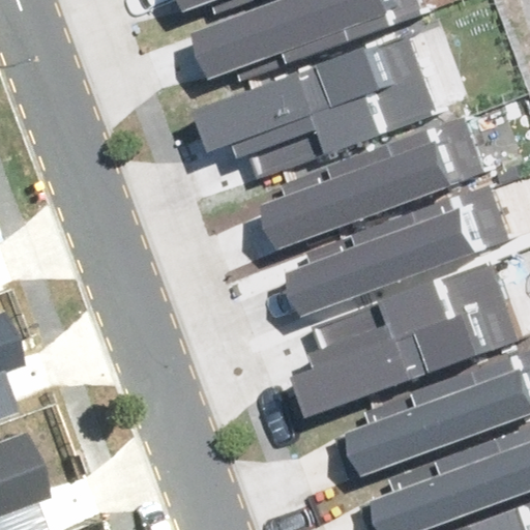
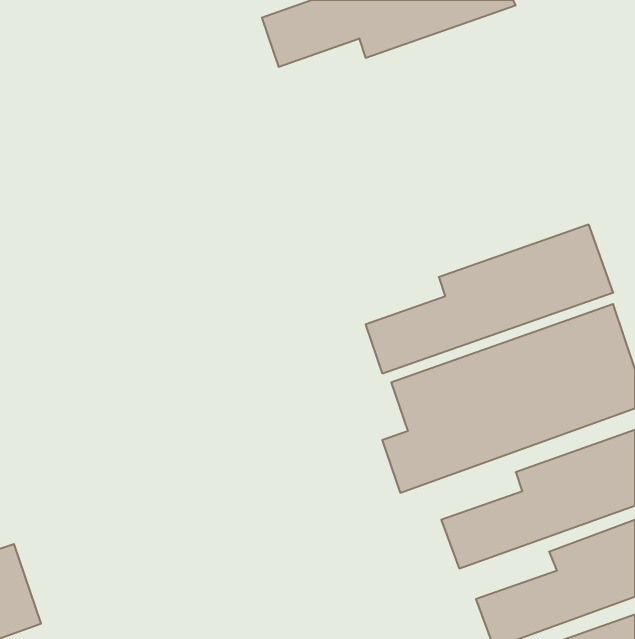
building: [208,31,437,175] -> none
building: [279,122,479,242] -> none

